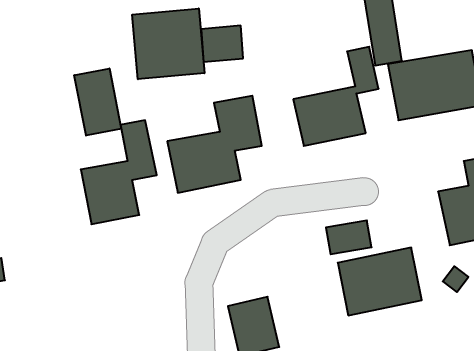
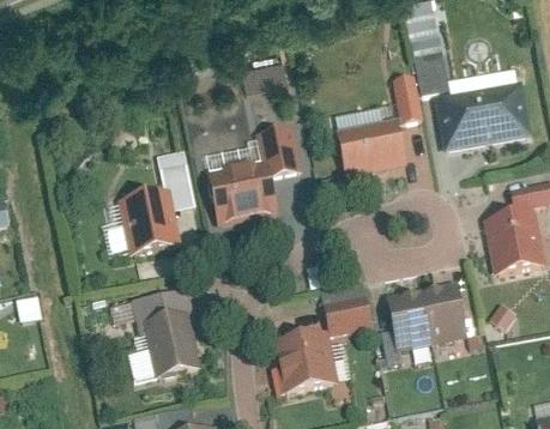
building: [132,8,204,79] -> none
building: [74,68,121,136] -> none
building: [326,220,372,254] -> [324,297,370,332]
building: none -> [134,290,200,377]

